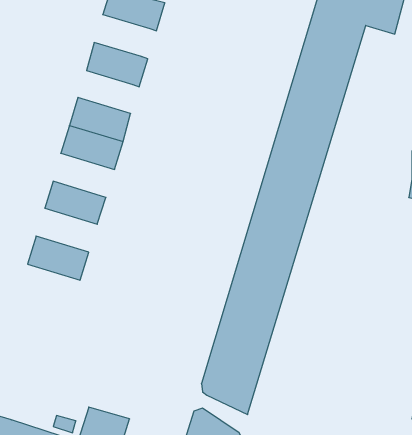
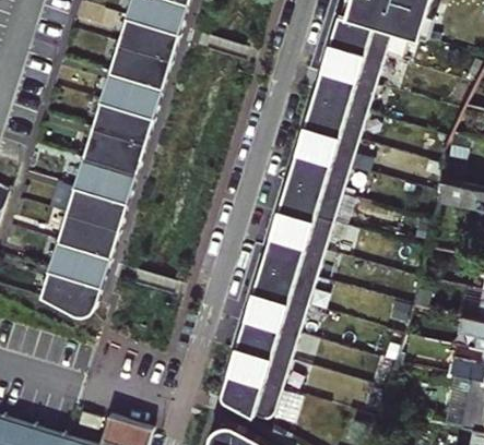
building: none -> [116,15,179,60]
building: none -> [99,72,162,116]
building: none -> [74,156,137,201]
building: none -> [57,212,119,256]
building: none -> [40,268,102,313]

